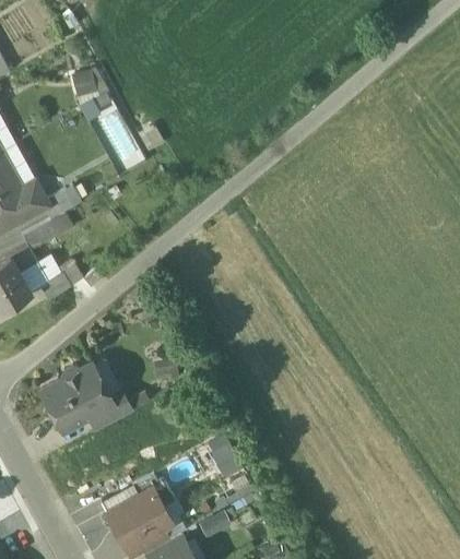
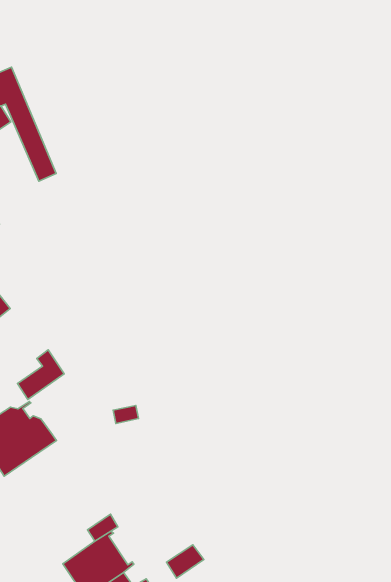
building: [87,386,130,429] -> [18,350,64,400]
building: [211,440,243,476] -> none

